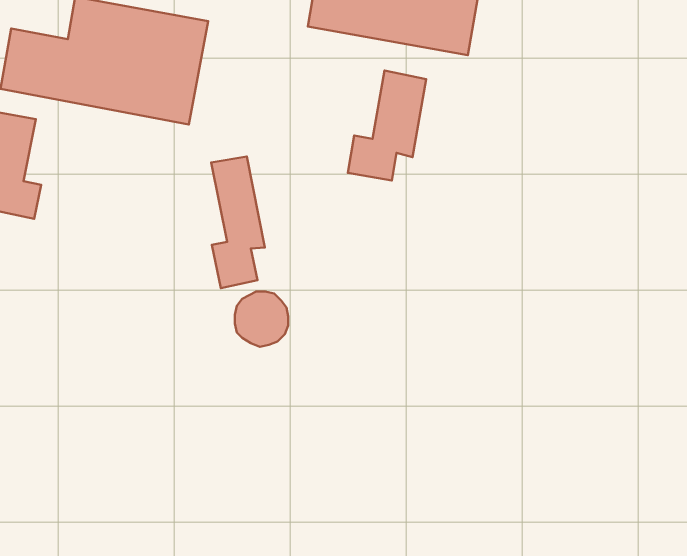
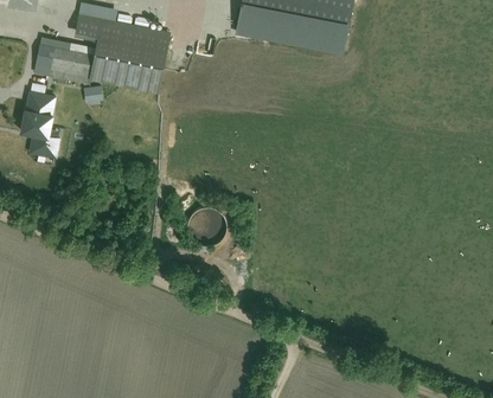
building: [348,70,426,180] -> none
building: [211,157,265,288] -> none

